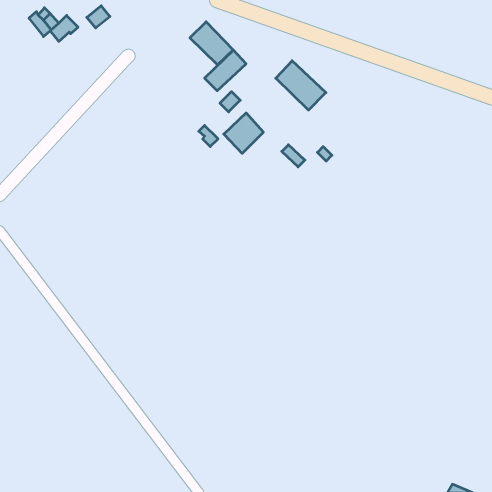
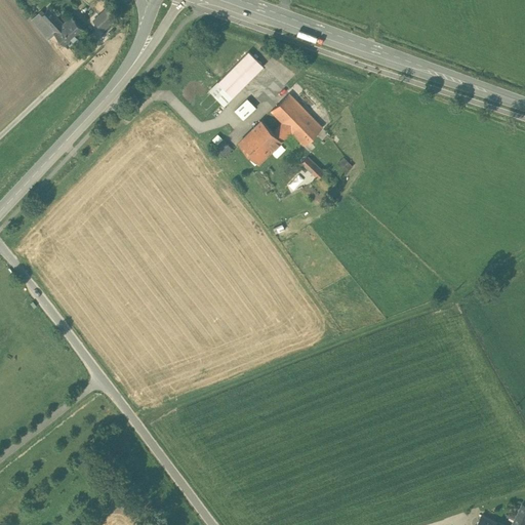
building: [190,22,233,65] -> none
building: [276,61,326,110] -> [271,94,324,147]

